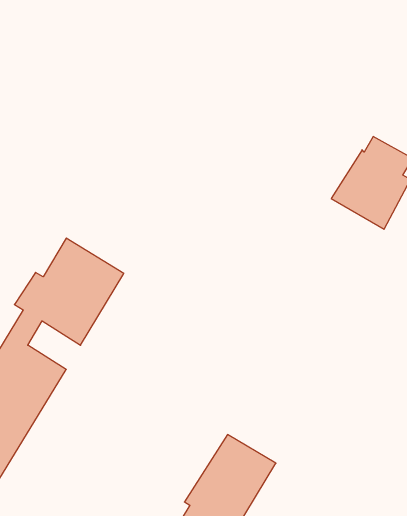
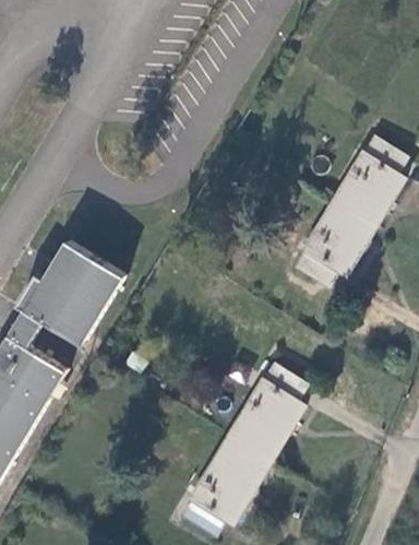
building: none -> [290,198,382,293]
building: none -> [227,363,309,460]

